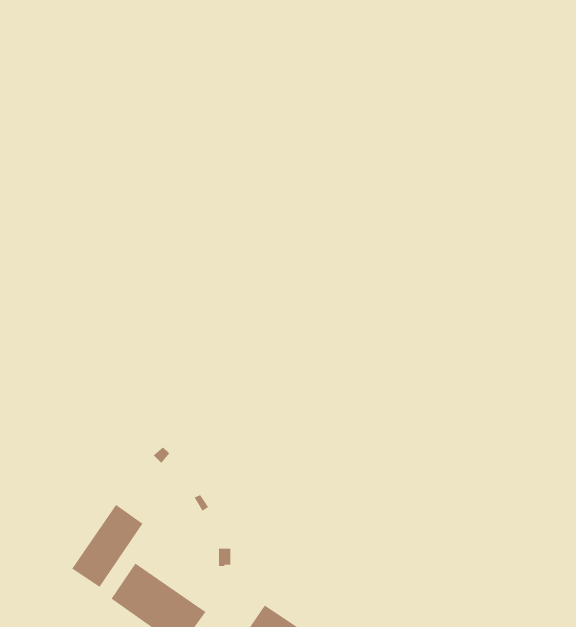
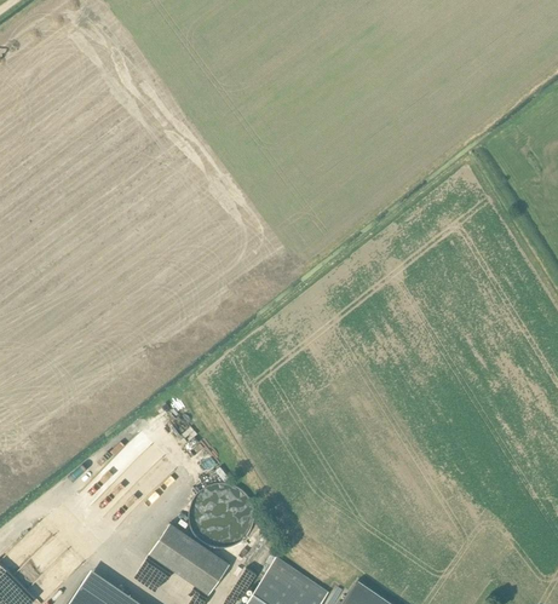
building: [71,504,143,588] -> none

